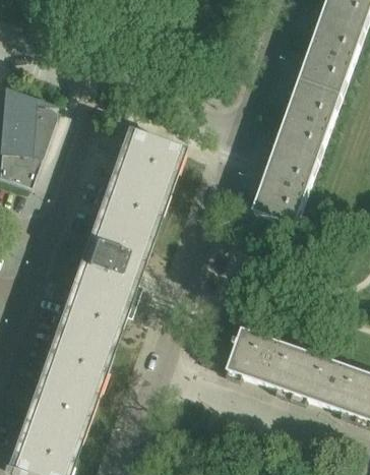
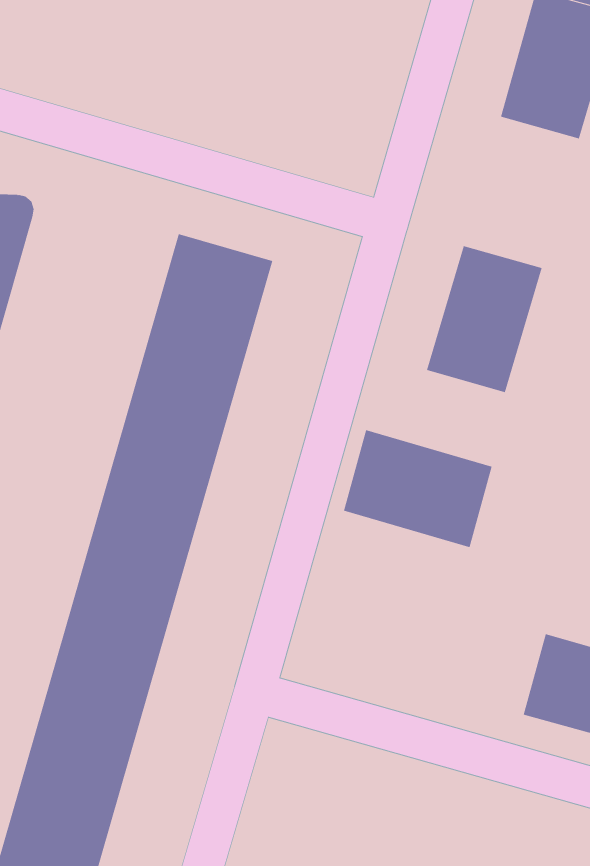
building: [279,78,343,159] -> none
building: [230,326,309,392] -> [343,430,493,548]

